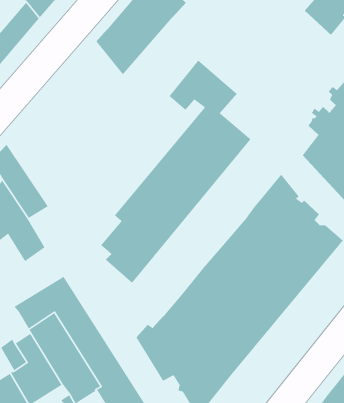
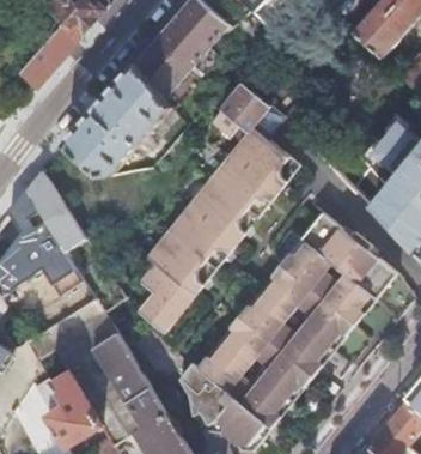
building: none -> [62,63,170,177]

